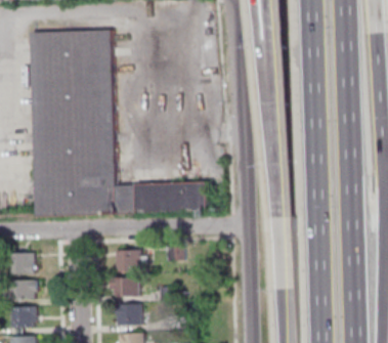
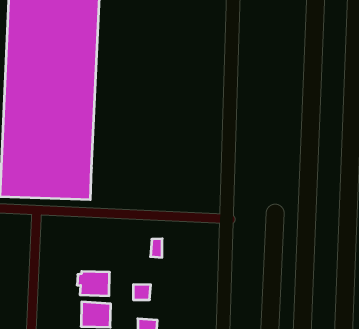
building: [116,185,208,215] -> none
building: [116,250,141,272] -> none

